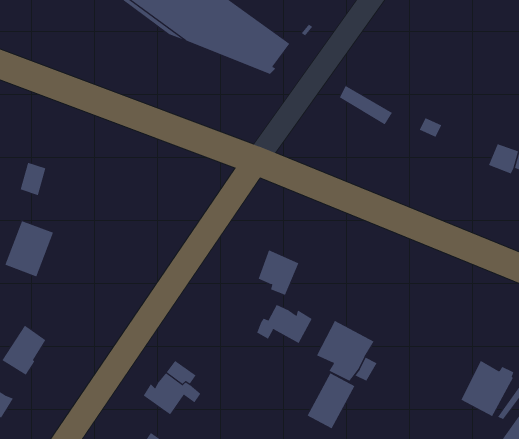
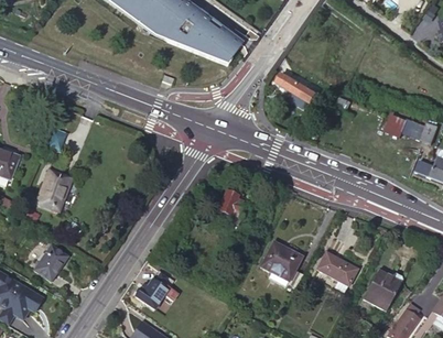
building: [256,304,313,344] -> none
building: none -> [317,252,358,285]
building: [307,372,355,429] -> none

